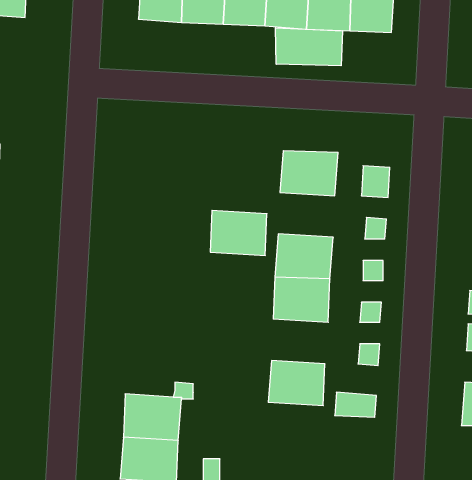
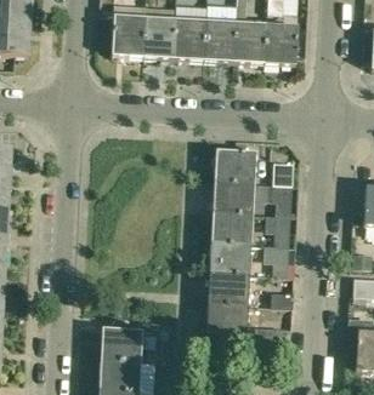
building: [276,28,342,66] -> none
building: [210,210,267,255] -> [214,182,255,214]
building: none -> [209,274,250,307]

